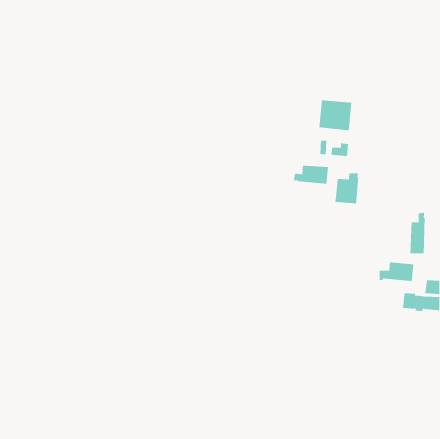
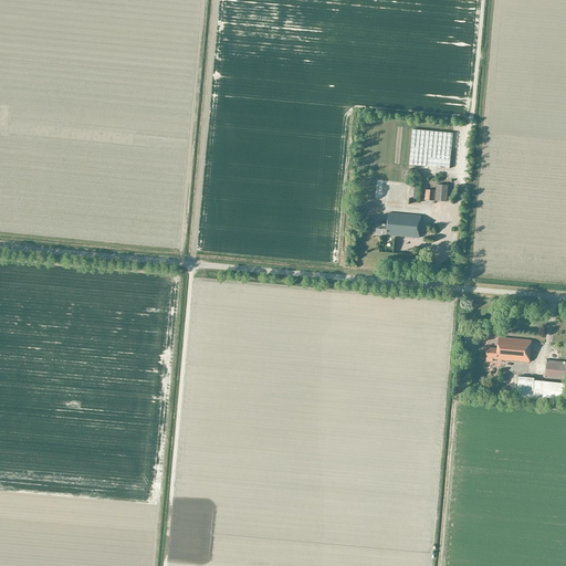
building: [335,172,359,204] -> none
building: [410,212,425,254] -> none

